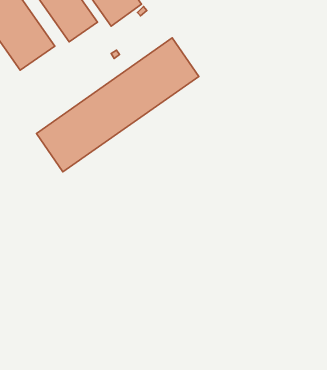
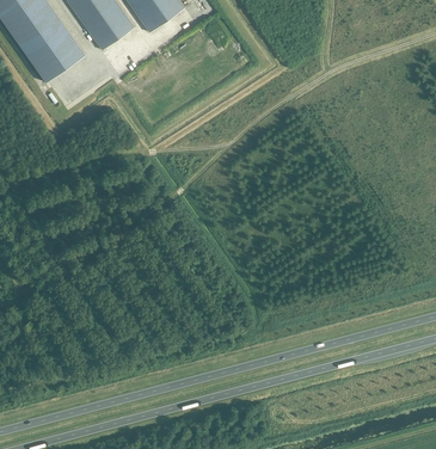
building: [36,38,199,172] -> none

